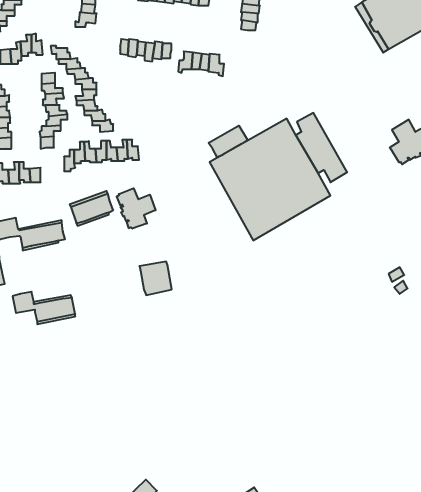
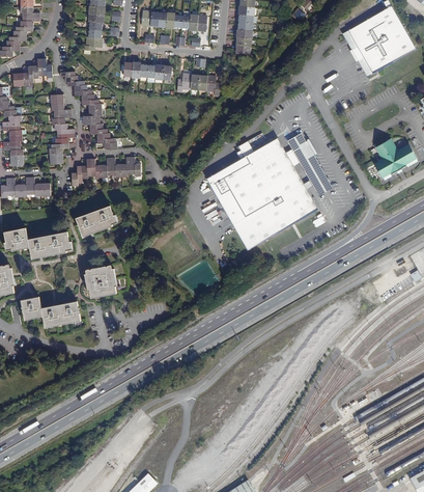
building: [209,126,248,157] -> none
building: [117,188,156,229] -> none
building: [139,262,172,295] -> [87,265,117,296]

